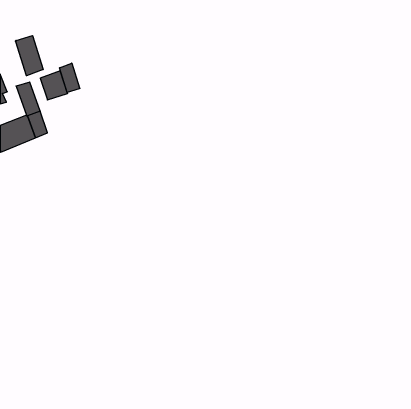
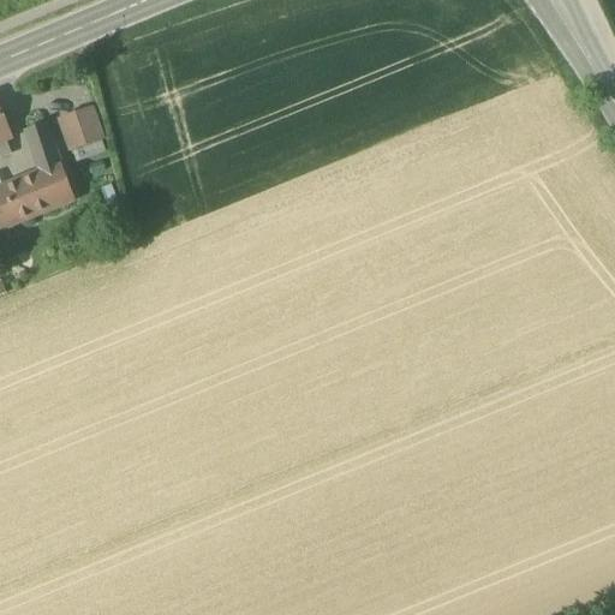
building: [15,36,43,76] -> none
building: [60,63,80,92] -> none

